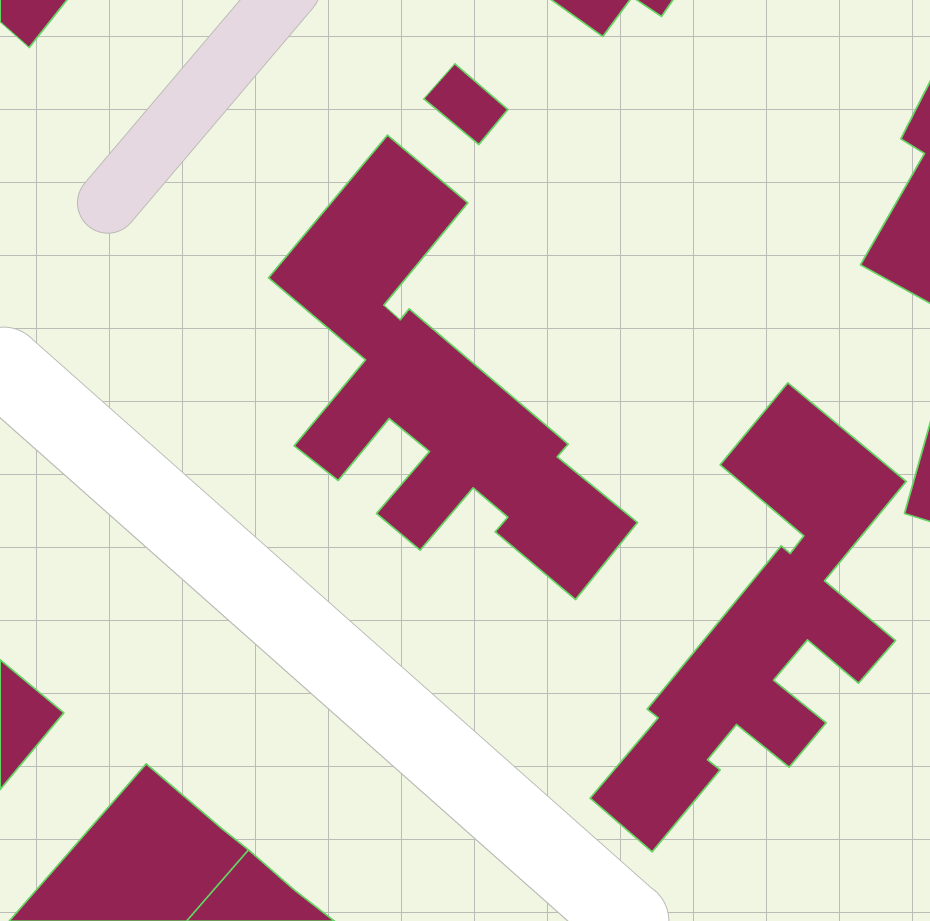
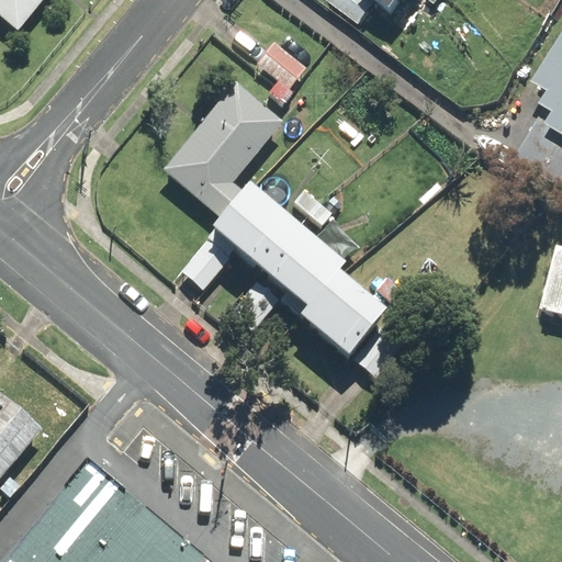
building: [590,383,906,852] -> none

